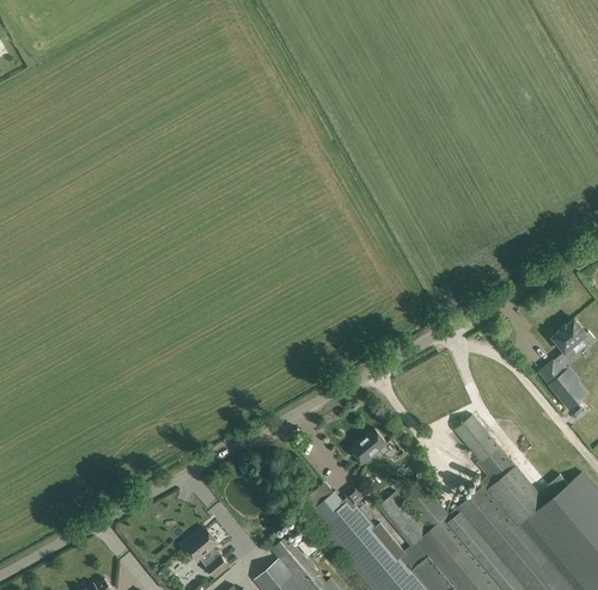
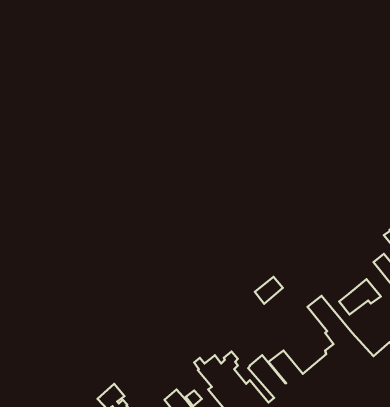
building: none -> [339,279,381,314]
building: [352,430,388,465] -> [255,277,283,304]

